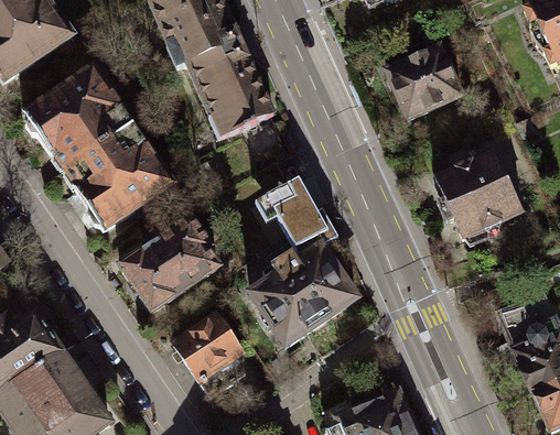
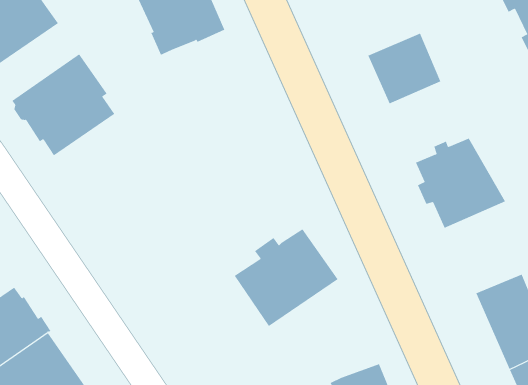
building: [187,42,272,141] -> none
building: [66,128,173,232] -> none
building: [256,177,338,259] -> none
building: [119,216,218,311] -> none
building: [172,313,243,396] -> none

